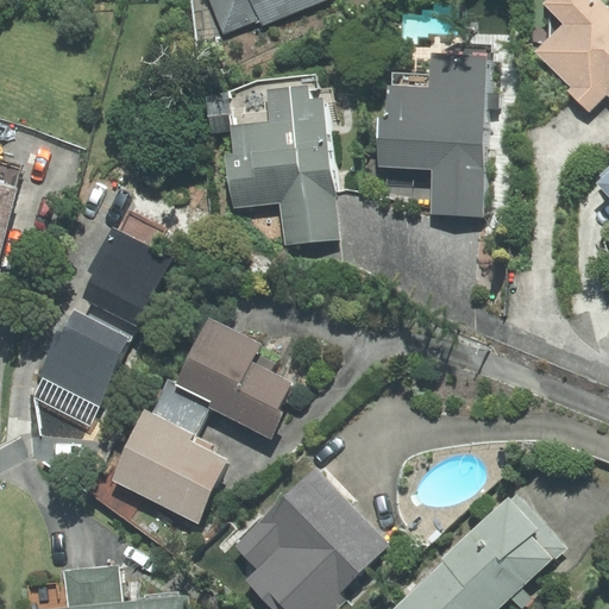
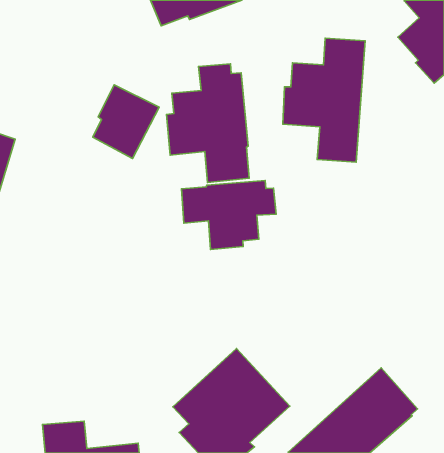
building: [84,227,174,326] -> [93,85,159,159]
building: none -> [182,181,276,249]
building: [36,307,133,407] -> none
building: [109,316,293,523] -> none

